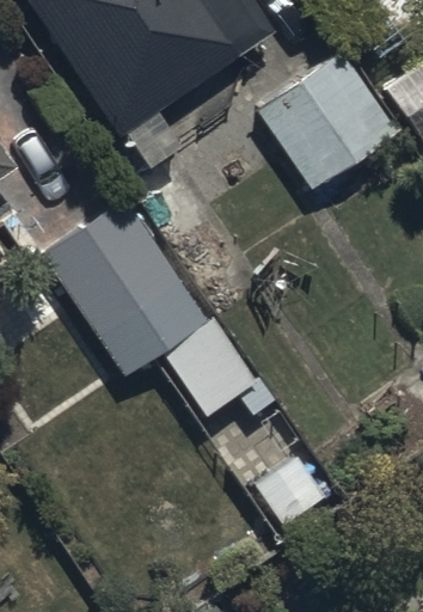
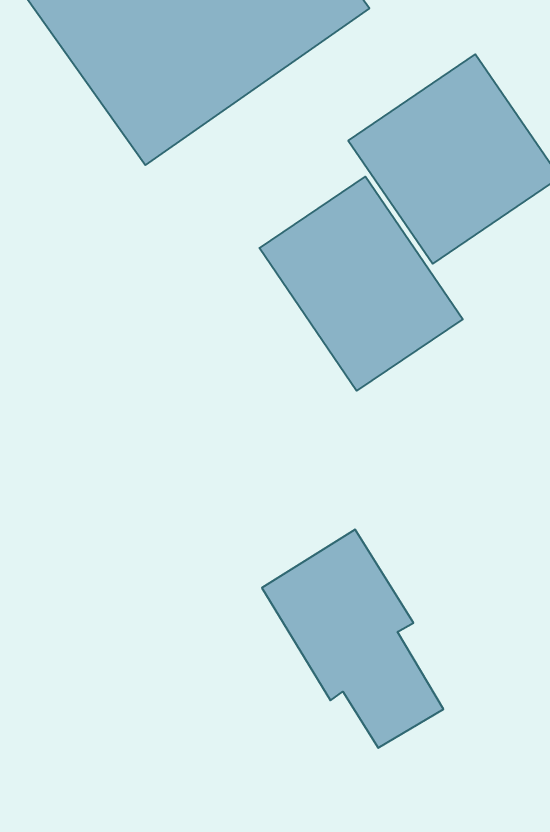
building: none -> [259,177,463,391]
building: [41,190,210,374] -> none

